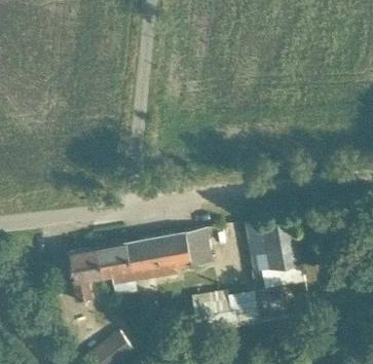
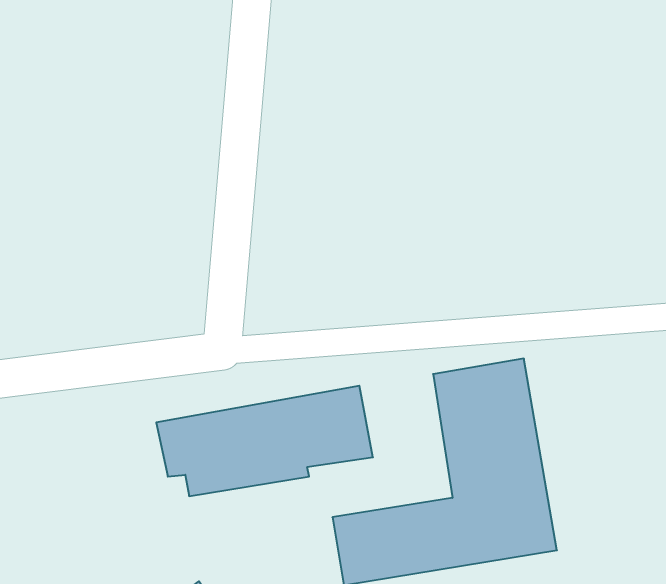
building: [67,247,104,302] -> none

